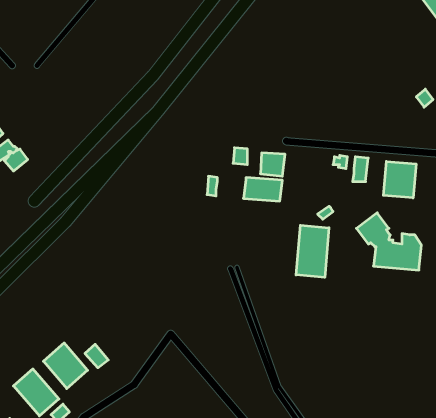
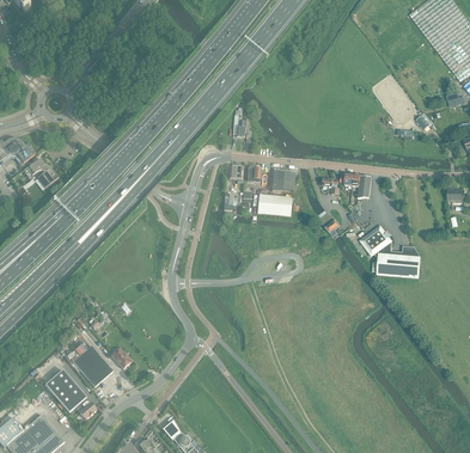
building: [383,161,416,198] -> none
building: [296,225,329,277] -> none

